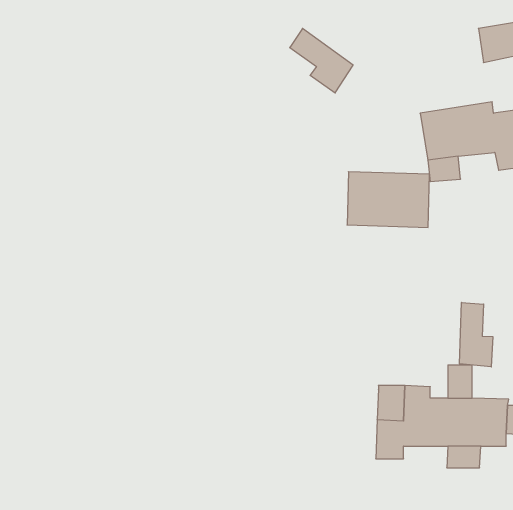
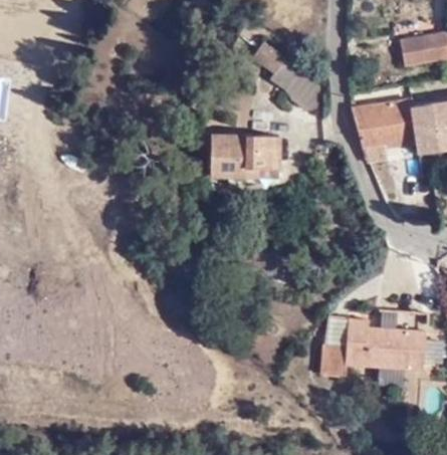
building: none -> [285,69,321,109]
building: [347,172,429,227] -> [213,131,278,175]
building: [460,302,493,367] -> none

